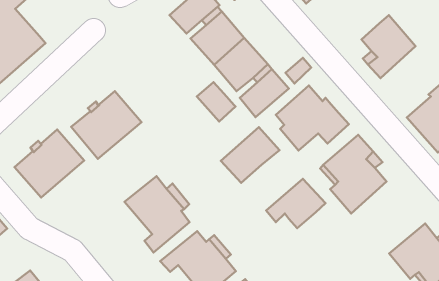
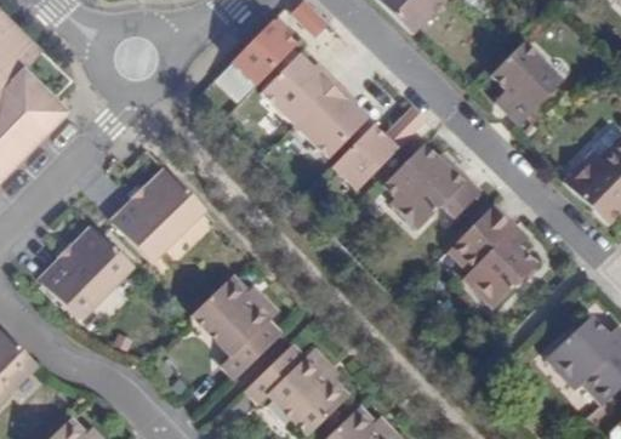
building: [197,82,236,122] -> none
building: [221,127,279,183] -> none
building: [266,179,326,228] -> none

